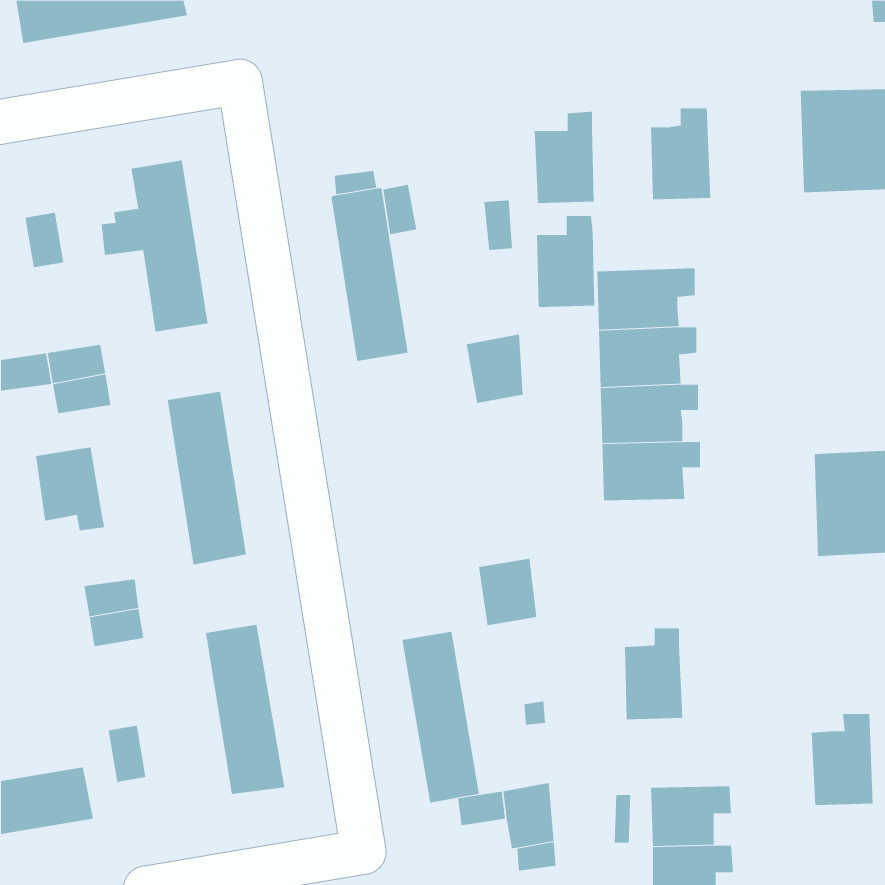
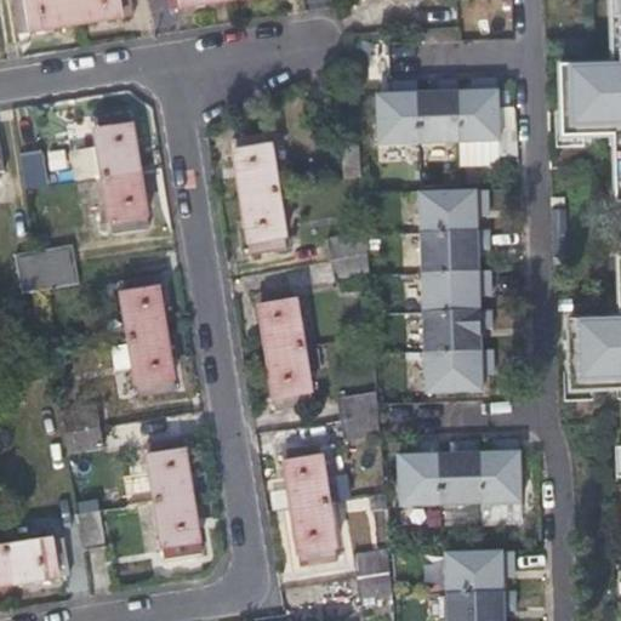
building: [536,216,595,308] -> [416,79,457,143]
building: none -> [258,287,312,408]
building: [35,447,105,531] -> none
building: none -> [423,349,492,393]
building: none -> [397,441,439,506]
building: [811,713,874,806] -> [477,439,520,503]

